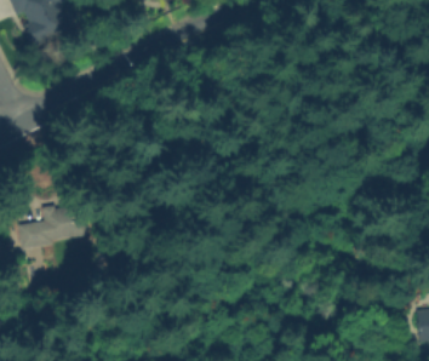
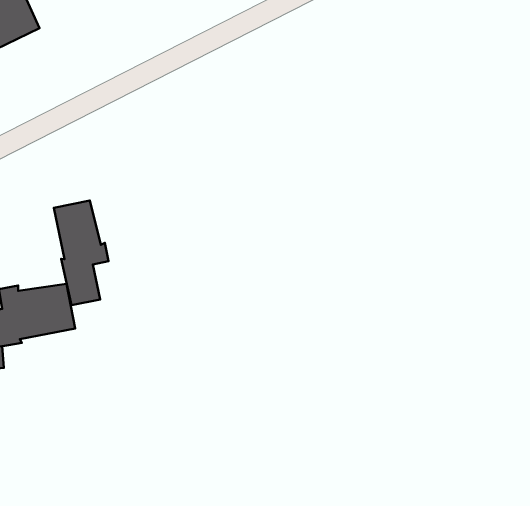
building: none -> [54,201,109,305]

